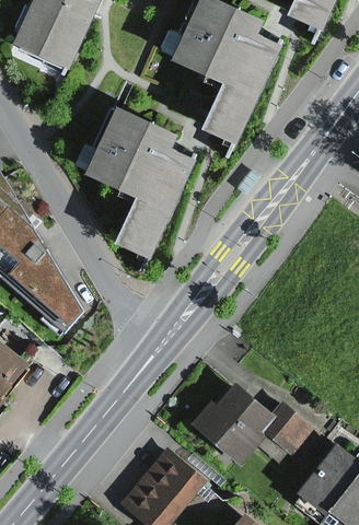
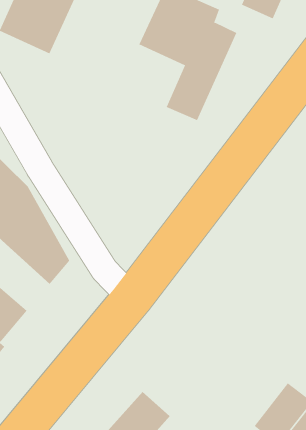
building: [81,108,193,261] -> none
building: [194,386,323,469] -> none

